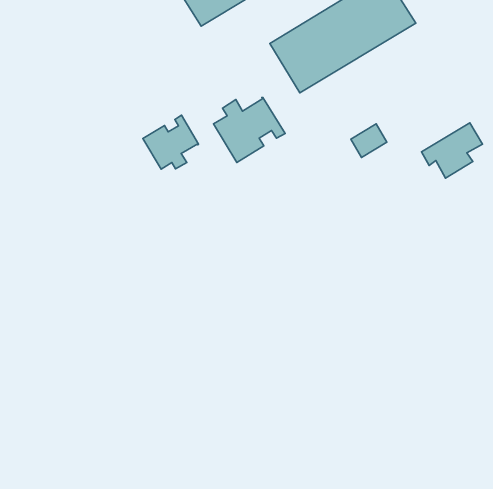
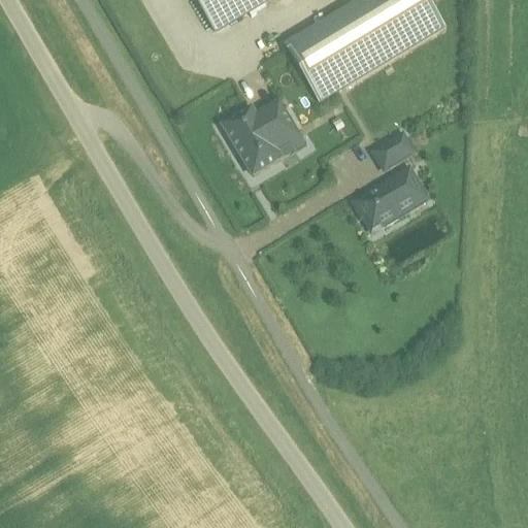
building: [143,115,198,169] -> none
building: [421,123,482,178] -> [357,167,422,226]

